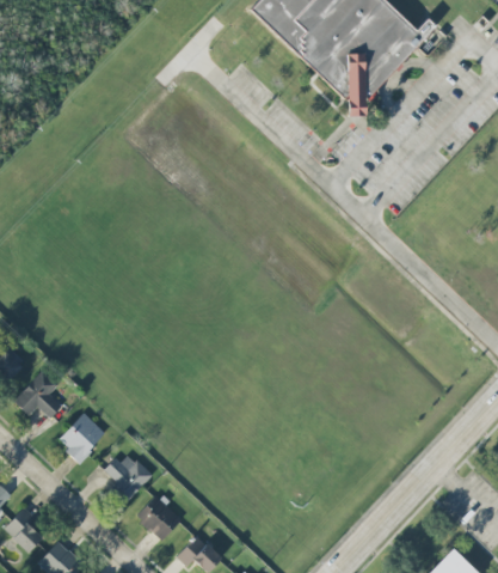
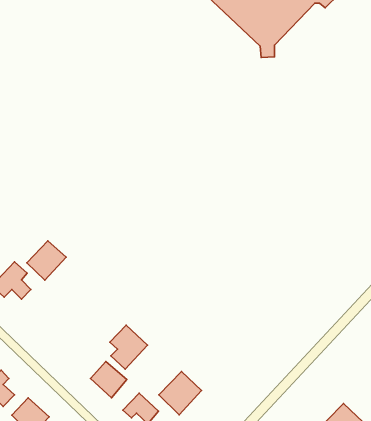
building: [57,413,106,462] -> [27,241,66,280]
building: [105,450,152,505] -> [110,325,147,369]
building: none -> [159,372,201,415]

